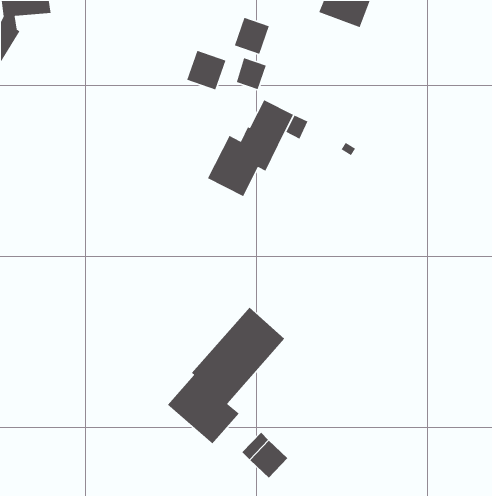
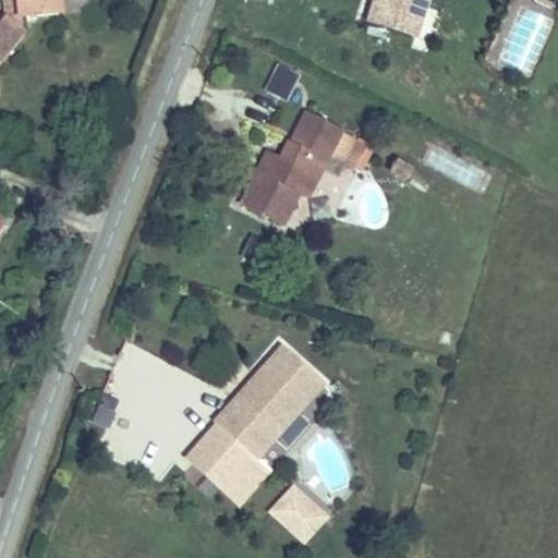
building: [234,17,270,55] -> none
building: [186,50,226,90] -> none

